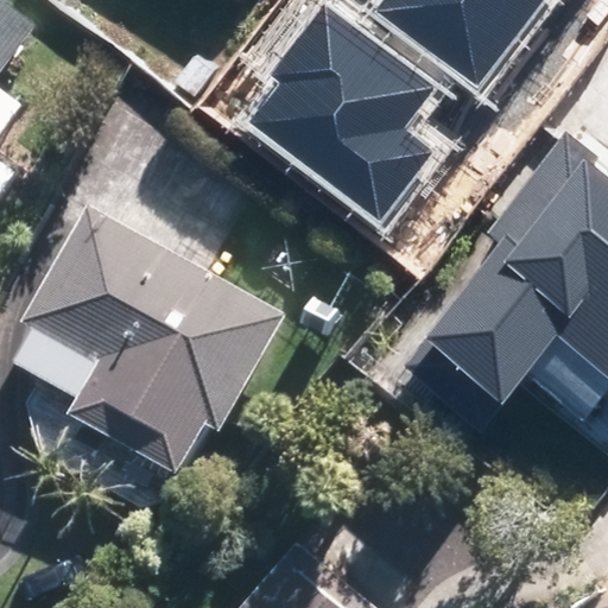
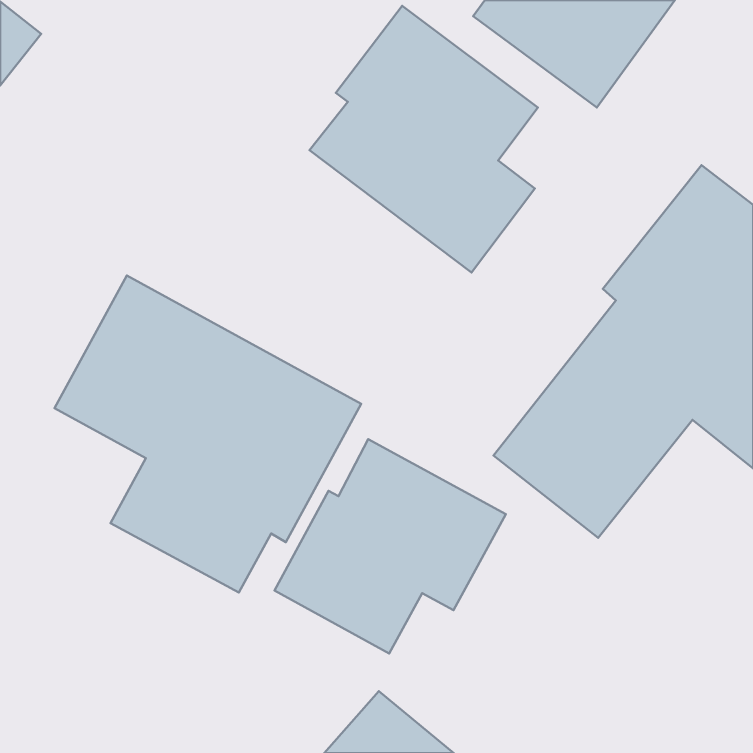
building: none -> [275,439,506,654]

